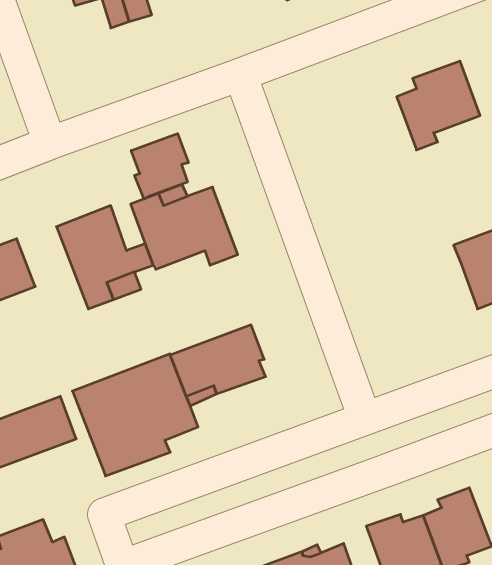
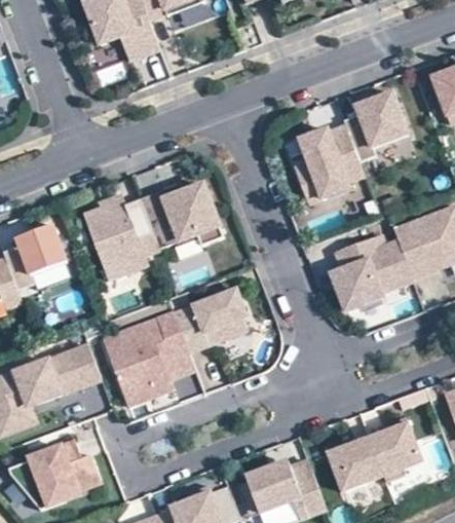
building: none -> [299,119,370,198]
building: [131,134,188,199] -> none
building: none -> [331,235,412,311]

